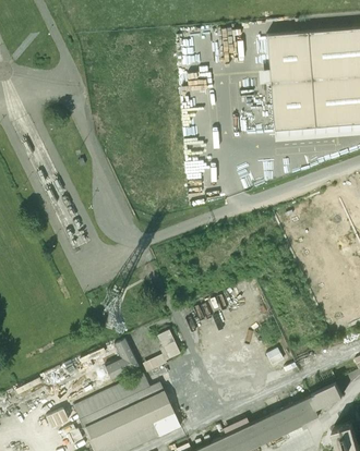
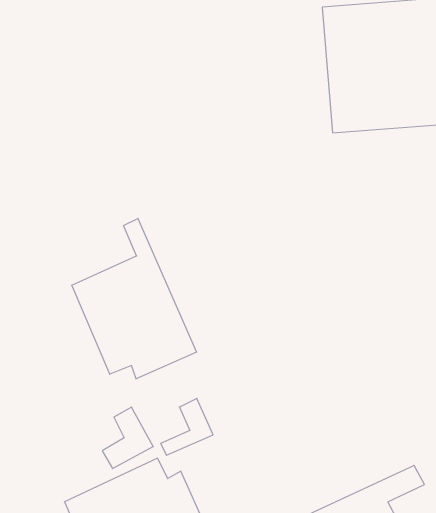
building: none -> [72,218,197,379]

